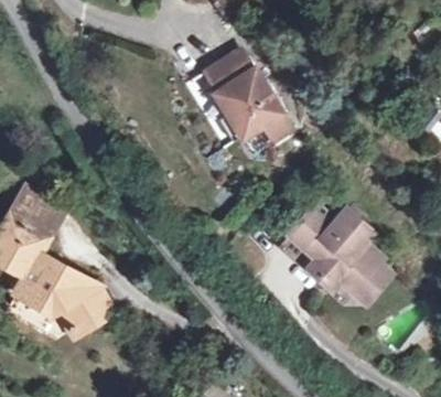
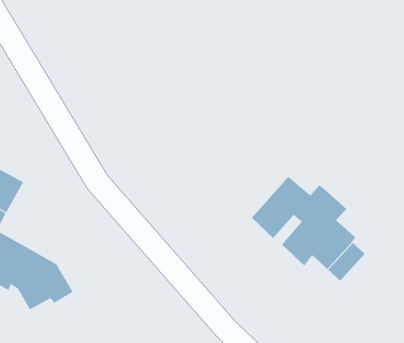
building: [204,52,292,144] -> none

